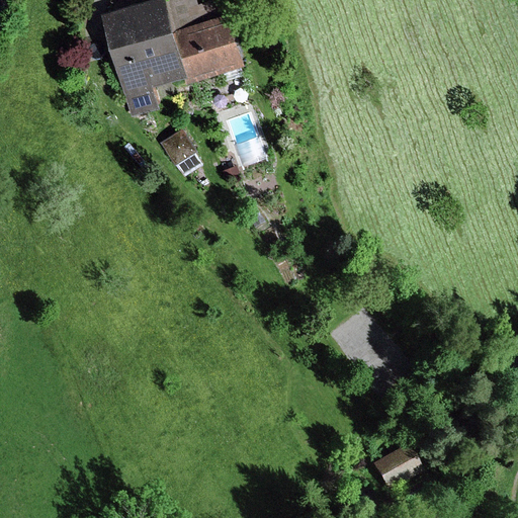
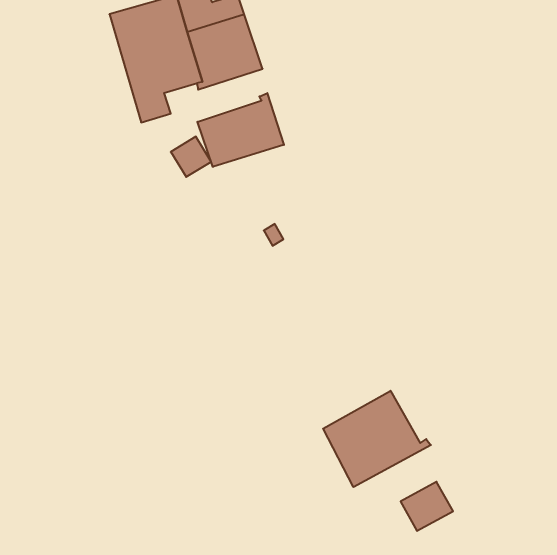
building: none -> [197,93,284,167]
building: none -> [323,391,431,487]

